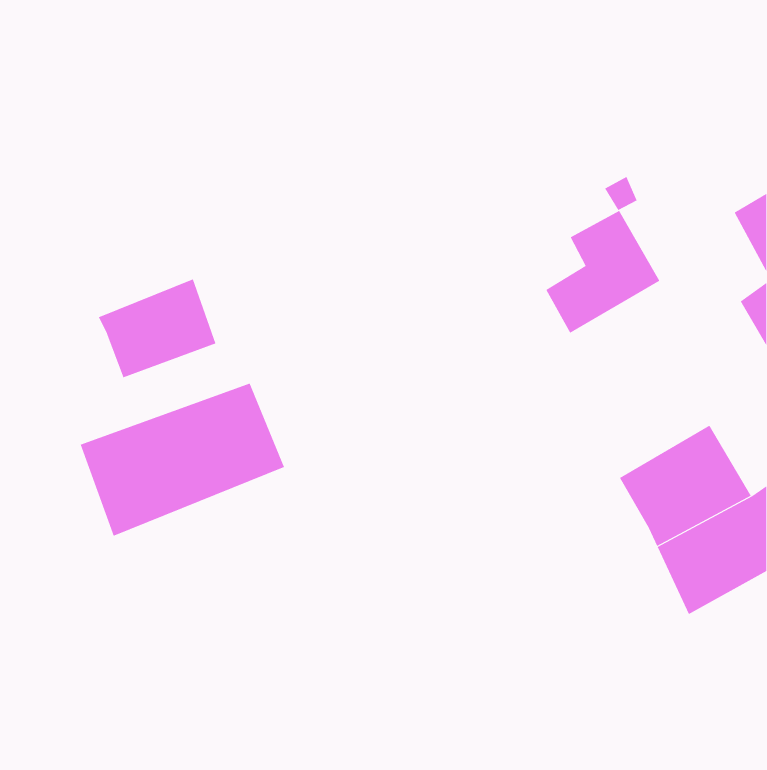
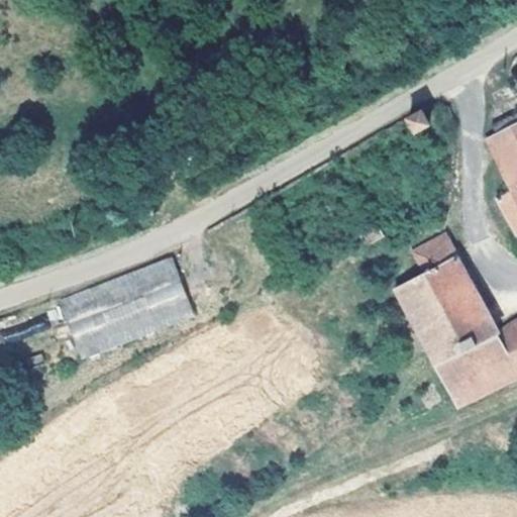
building: [546,210,660,334] -> [399,237,476,320]
building: [98,278,216,378] -> none

